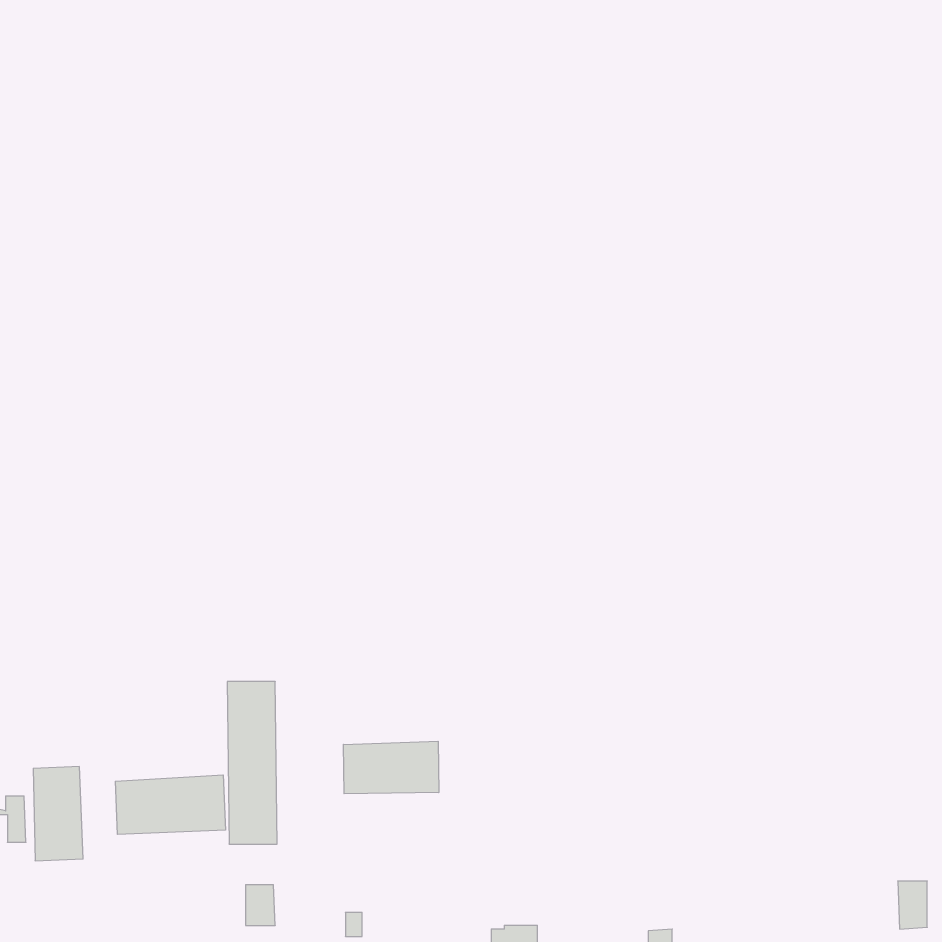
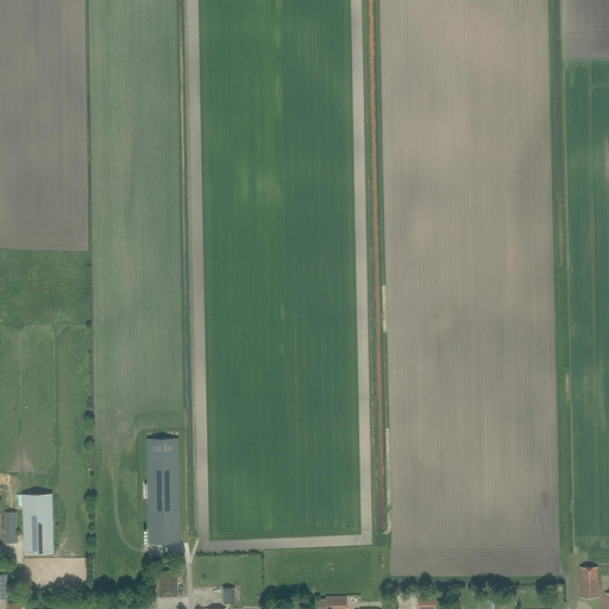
building: [343,741,439,794] -> none
building: [115,775,225,834] -> none

